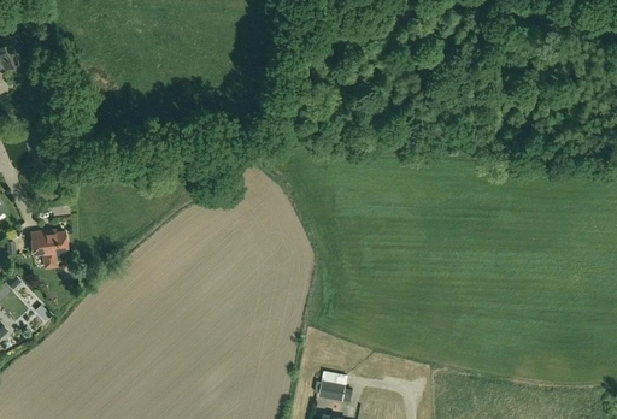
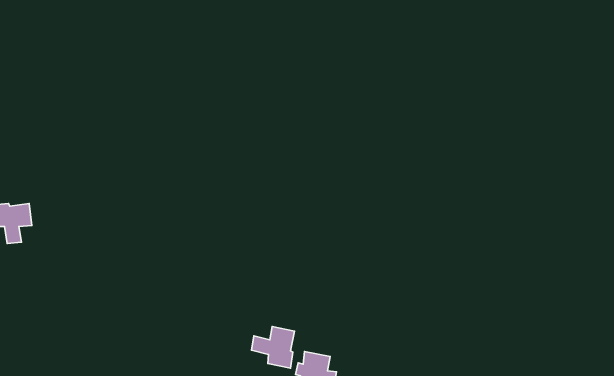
building: none -> [251,327,295,368]

